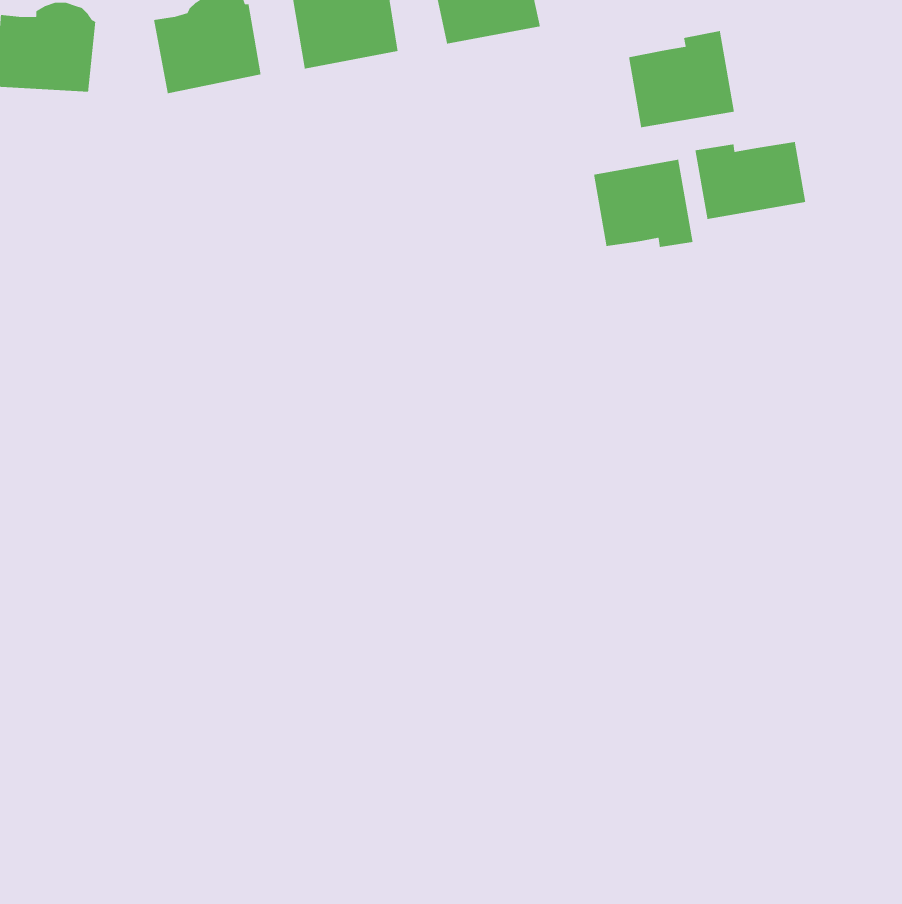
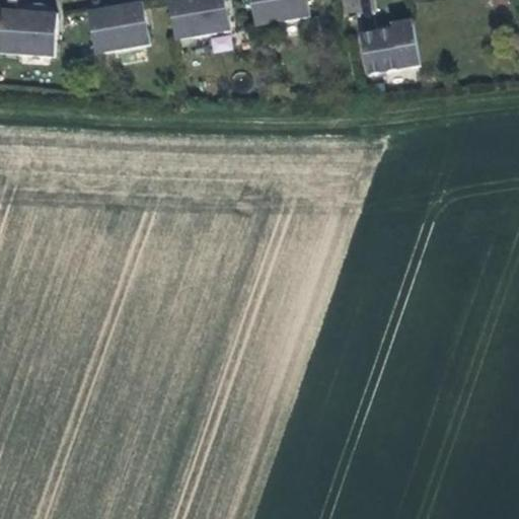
building: [695,141,806,220] -> none
building: [593,159,694,248] -> none

